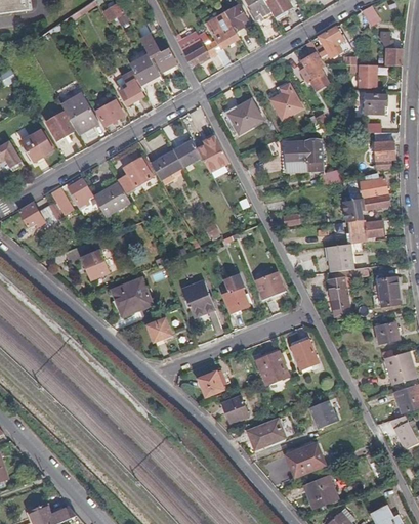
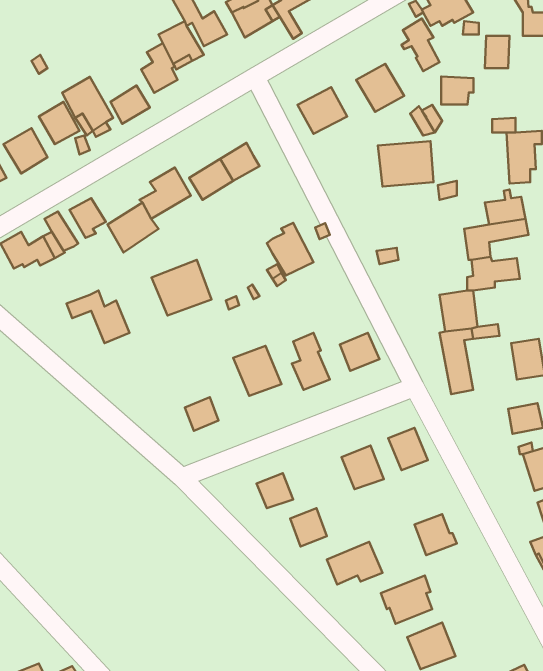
building: [364,94,386,114] -> [441,77,473,104]
building: [197,135,229,172] -> [267,223,313,275]
building: [111,277,153,316] -> [151,260,211,316]

